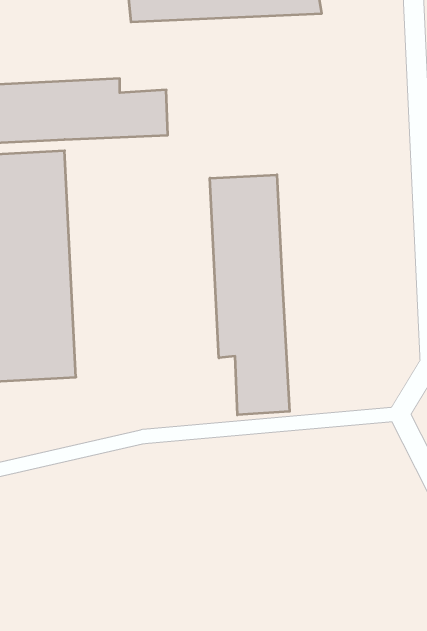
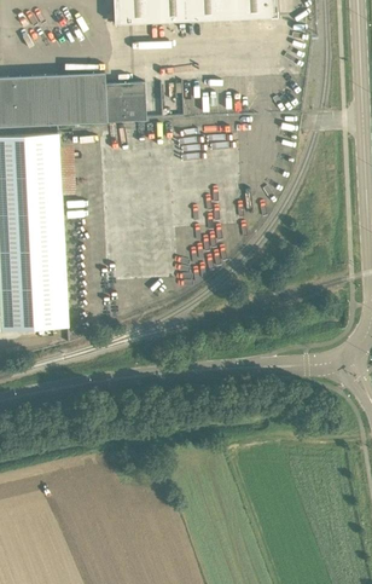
building: [210,175,290,415] -> none

